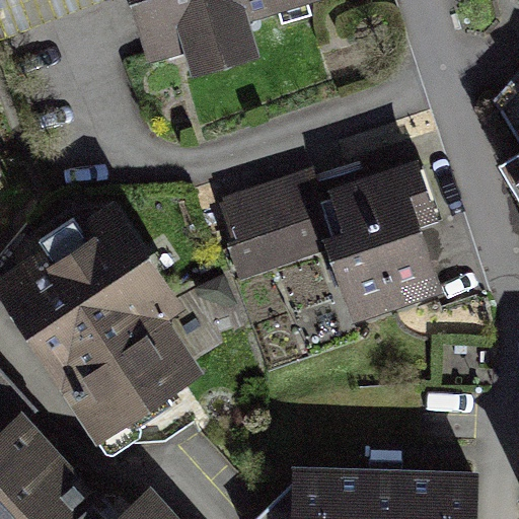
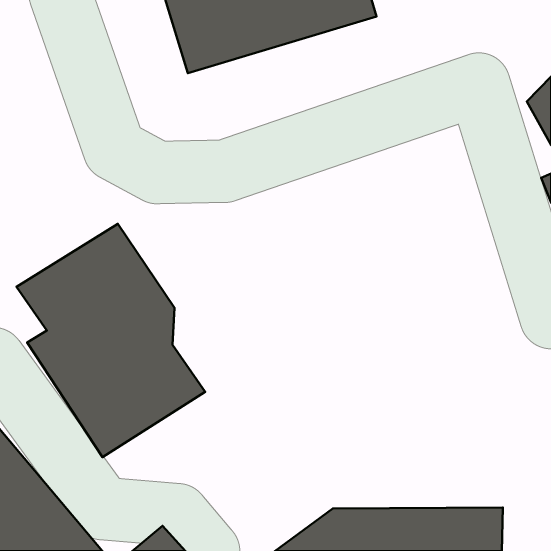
building: [218,167,453,323] -> none

